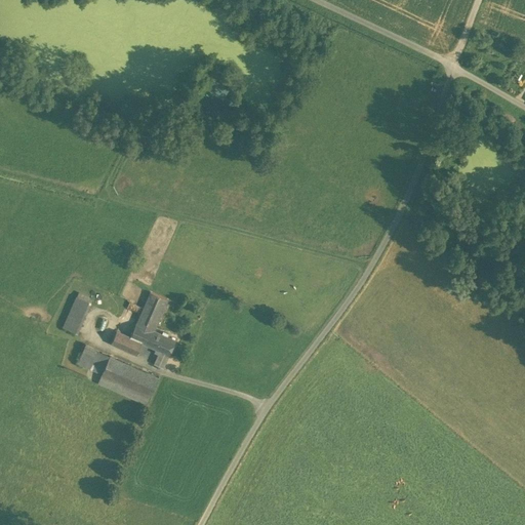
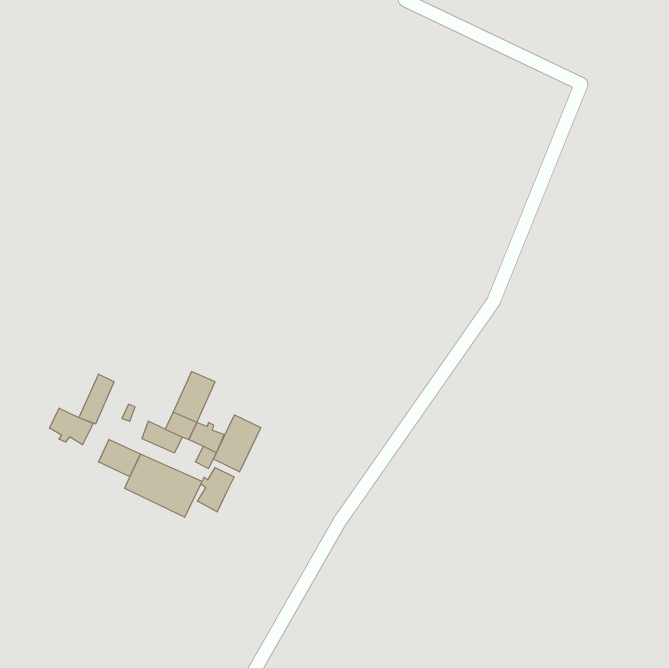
building: none -> [50,408,93,445]
building: none -> [213,415,261,472]
building: none -> [197,467,234,512]

